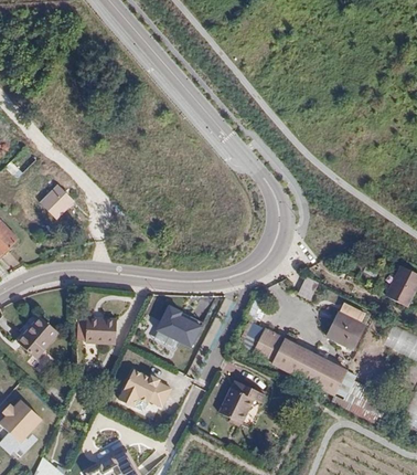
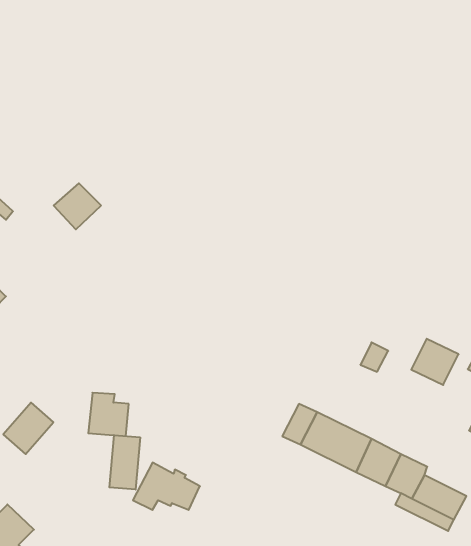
building: [38,184,75,221] -> [54,183,101,229]
building: [159,308,201,344] -> none
building: [322,310,360,347] -> [411,339,459,385]
building: none -> [109,435,140,490]
building: [217,380,264,422] -> none

